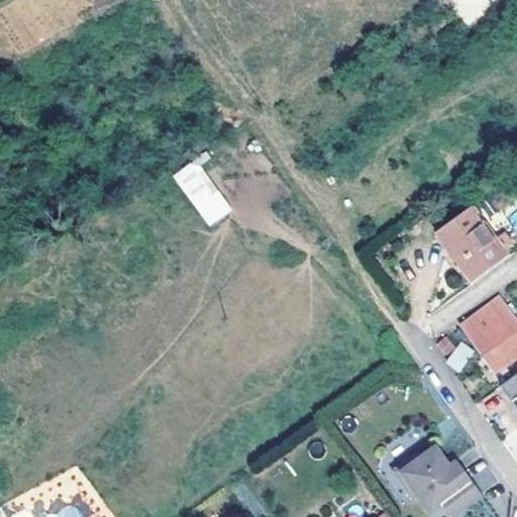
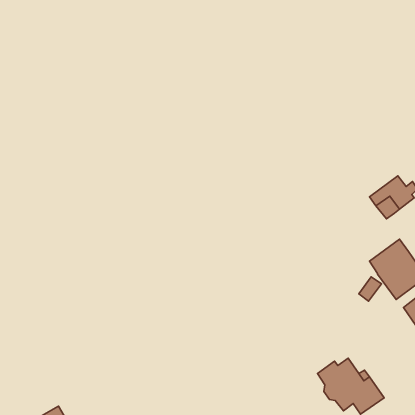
building: [175,160,232,229] -> none
building: [446,201,495,245] -> none

